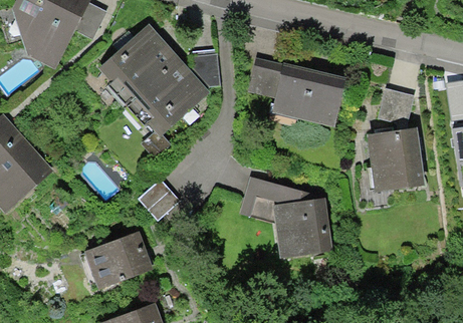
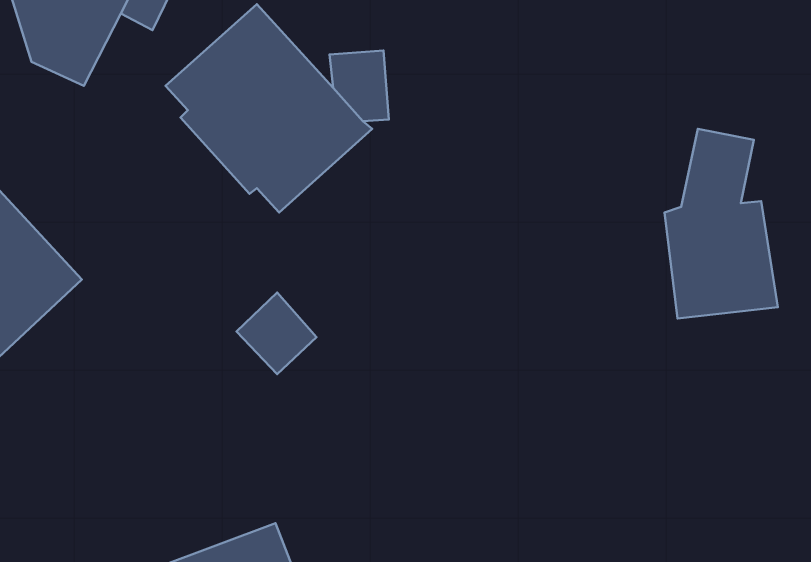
building: [249,58,349,126] -> none
building: [239,177,334,258] -> none
building: [80,231,155,291] -> none

